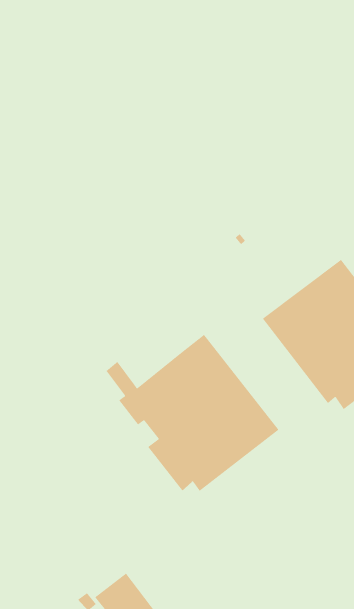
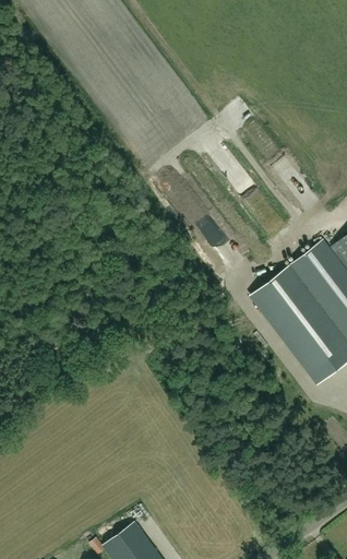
building: [106,334,280,492] -> none

